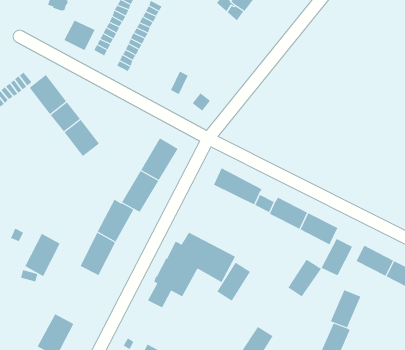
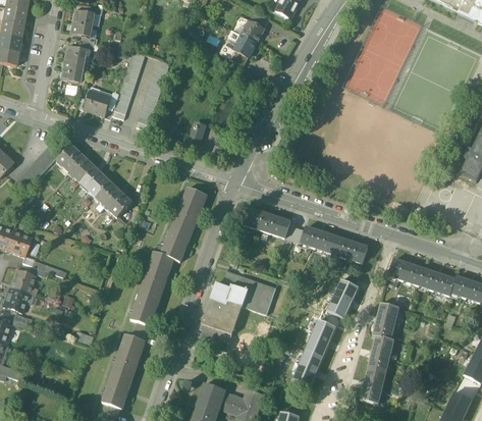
building: [24,233,61,277] -> [114,333,145,374]
building: [321,238,353,276] -> none
building: [216,262,251,301] -> [306,319,335,357]

